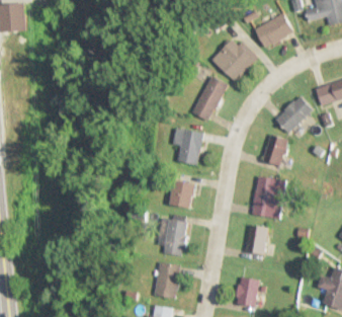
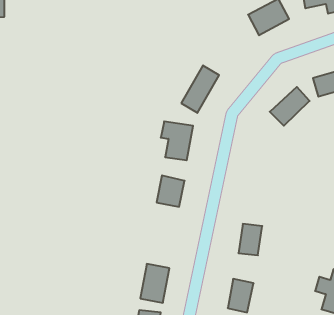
building: [211,36,256,81] -> none
building: [261,134,286,165] -> none
building: [252,177,283,218] -> none
building: [162,215,188,256] -> none

